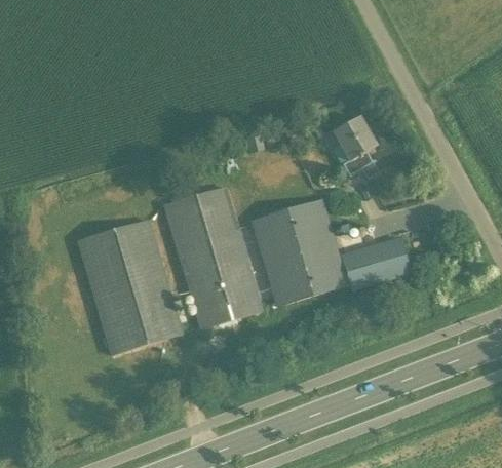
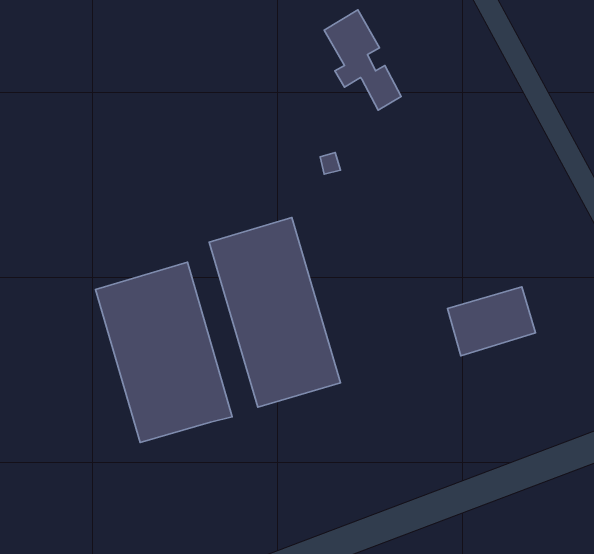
building: [334,117,392,193] -> [324,10,401,110]
building: [255,200,349,305] -> none

